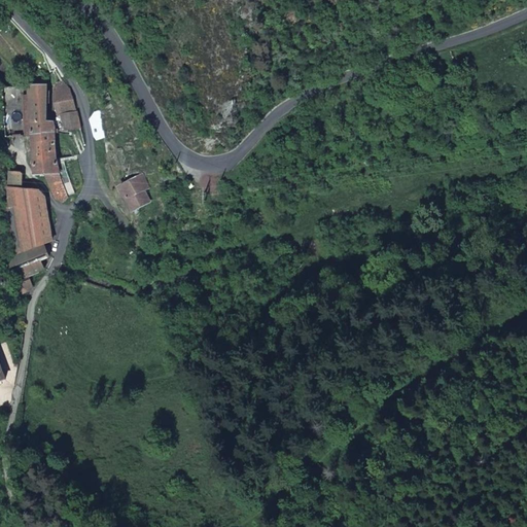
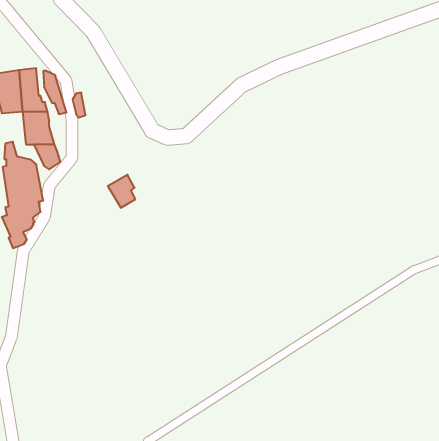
building: [116,172,149,211] -> [108,175,135,208]

